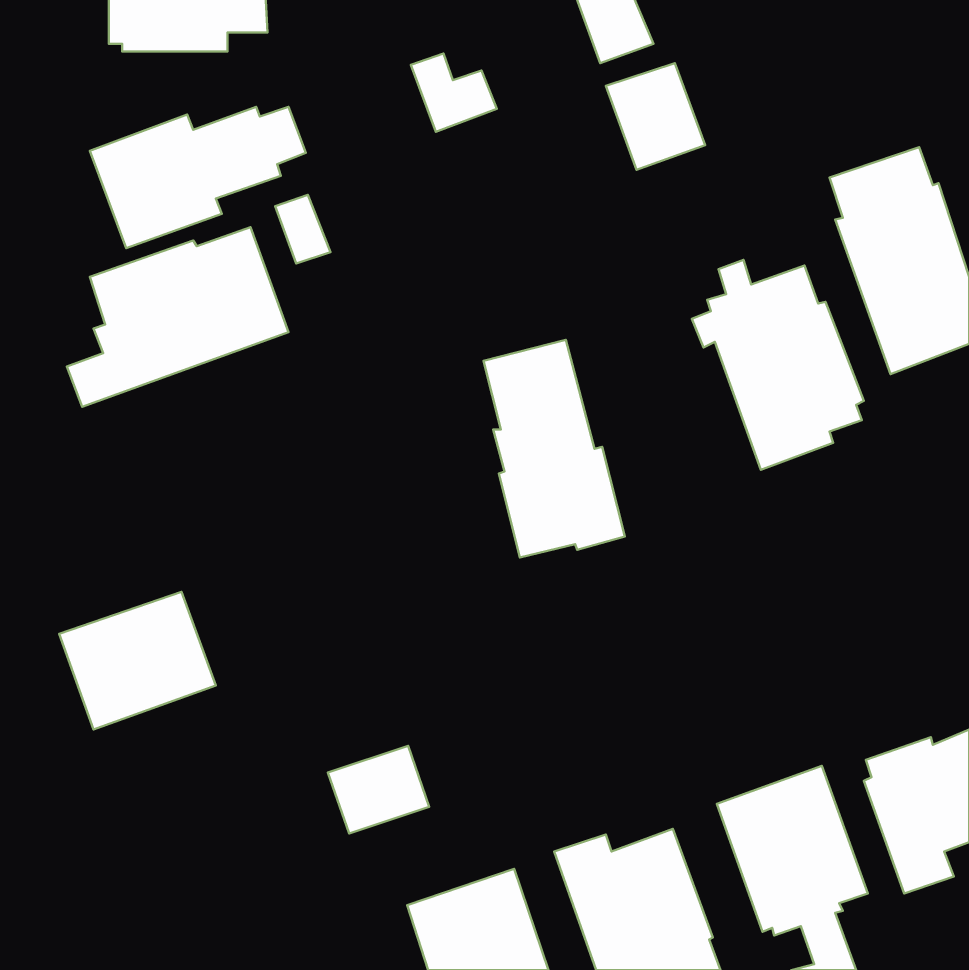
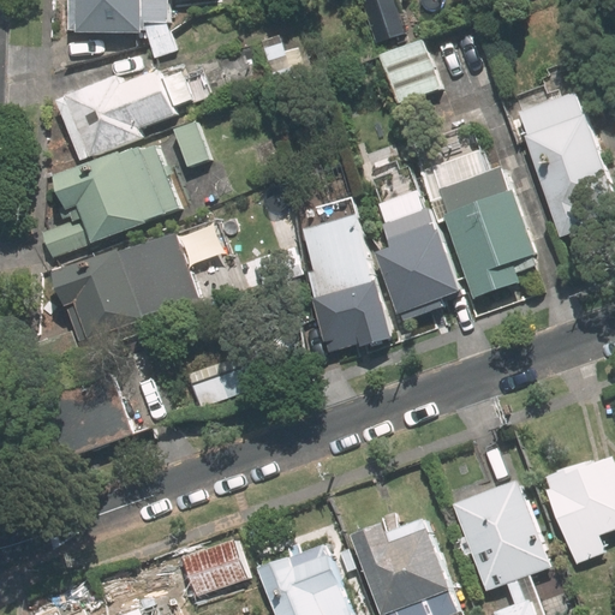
building: none -> [377,208,464,320]
building: none -> [56,234,204,345]
building: [328,746,429,834] -> [180,538,244,593]

